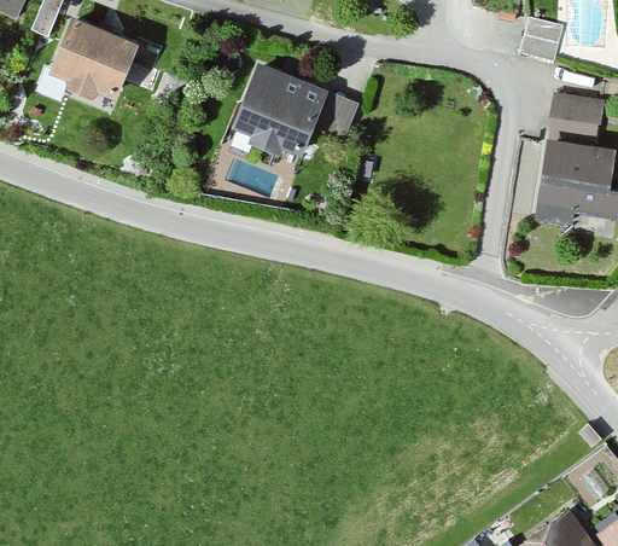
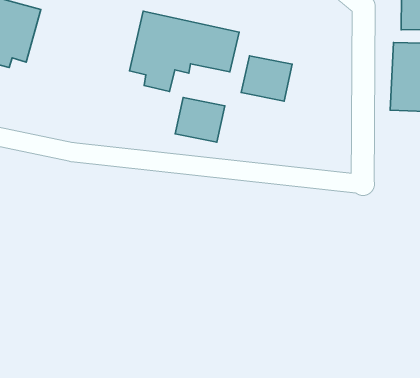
building: none -> [241,56,292,101]
building: none -> [175,97,225,142]

